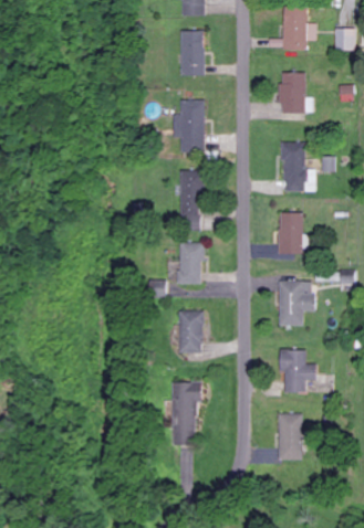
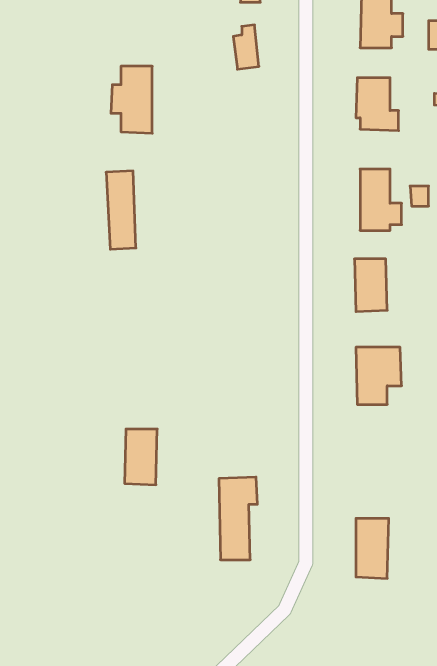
building: [171,99,204,151] -> [111,66,152,133]
building: [178,170,201,231] -> [106,171,136,249]
building: [177,242,204,284] -> none
building: [177,310,202,353] -> [125,429,157,485]
building: [279,349,314,392] -> none

